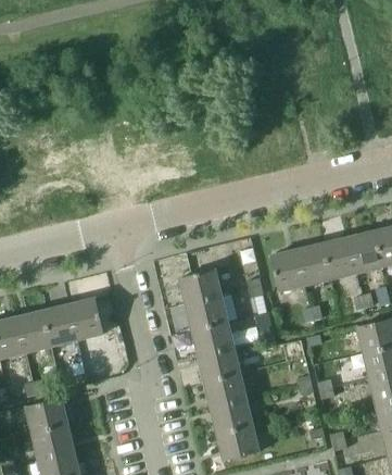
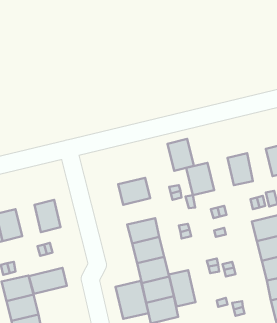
building: [350,230,383,273] -> none
building: [298,242,332,285] -> [168,139,194,171]
building: [186,296,228,330] -> none
building: [43,304,77,346] -> none
building: none -> [29,268,67,294]
building: none -> [169,270,196,306]
building: none -> [116,281,148,319]

